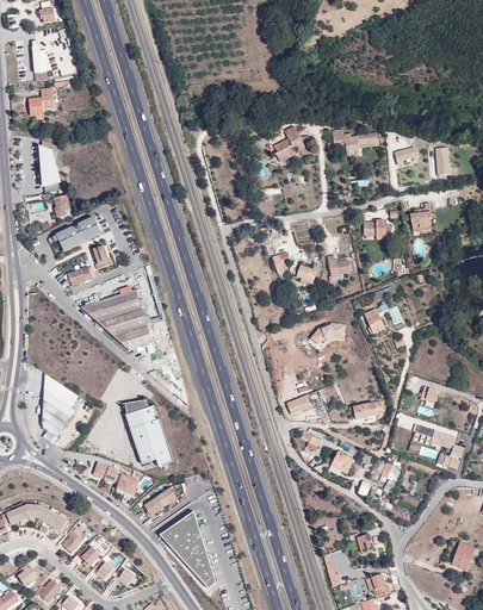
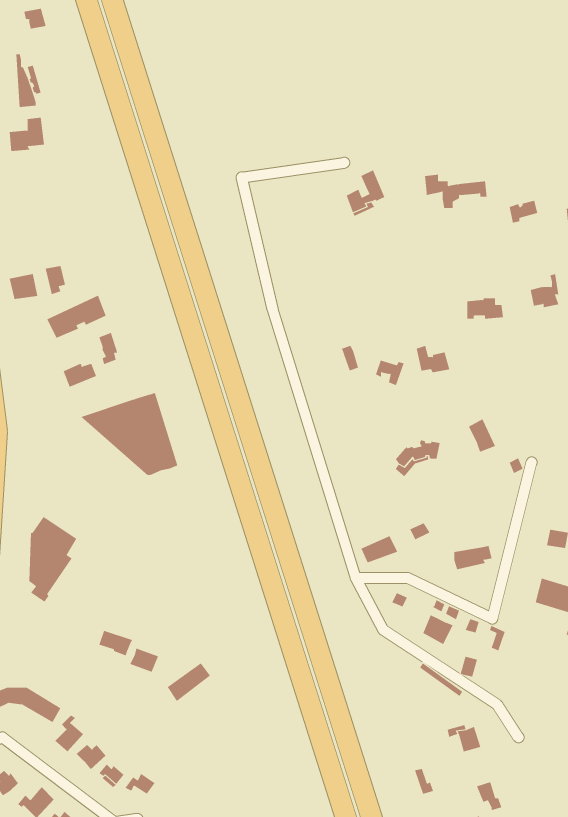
building: [41,139,62,192] -> none
building: [120,396,172,461] -> none
building: [159,511,216,591] -> none

